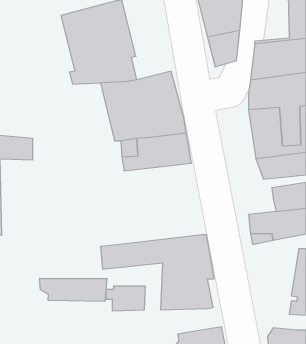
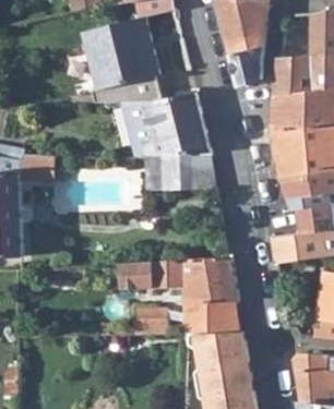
building: [40,278,107,301] -> none
building: none -> [182,330,244,358]

